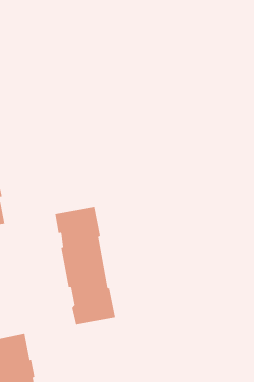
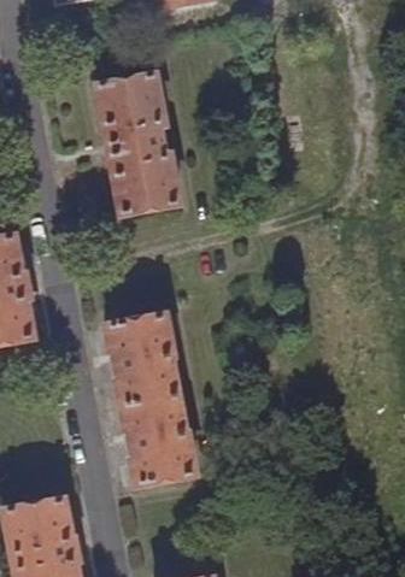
building: none -> [95,75,178,216]

